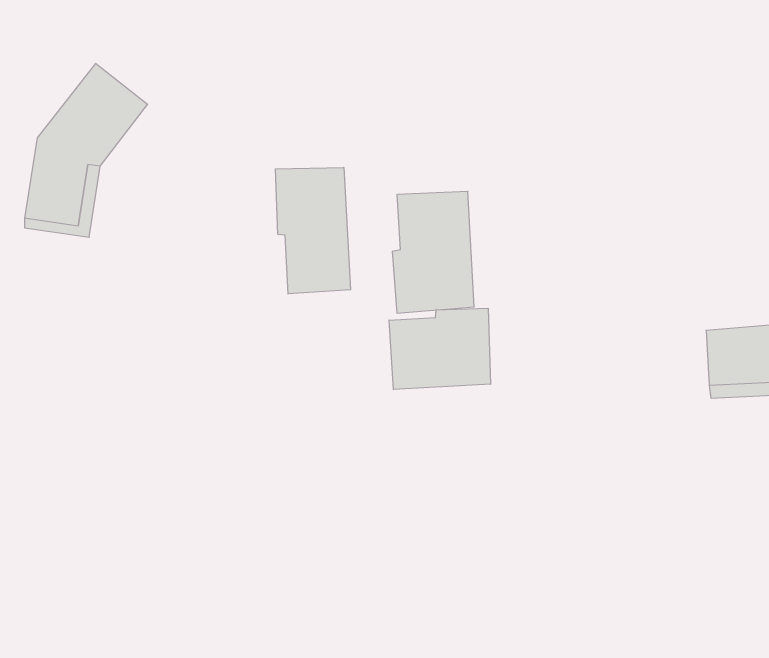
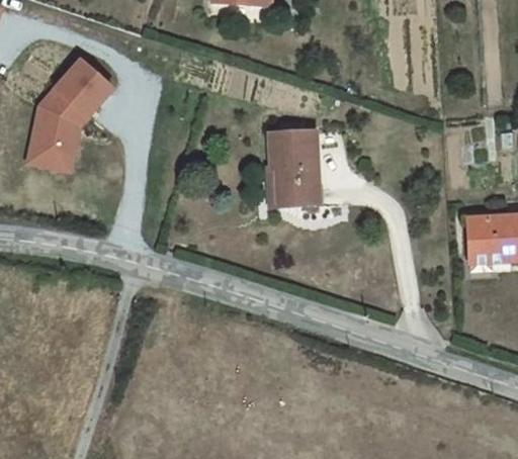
building: [276,167,350,294] -> none
building: [389,308,491,390] -> none

